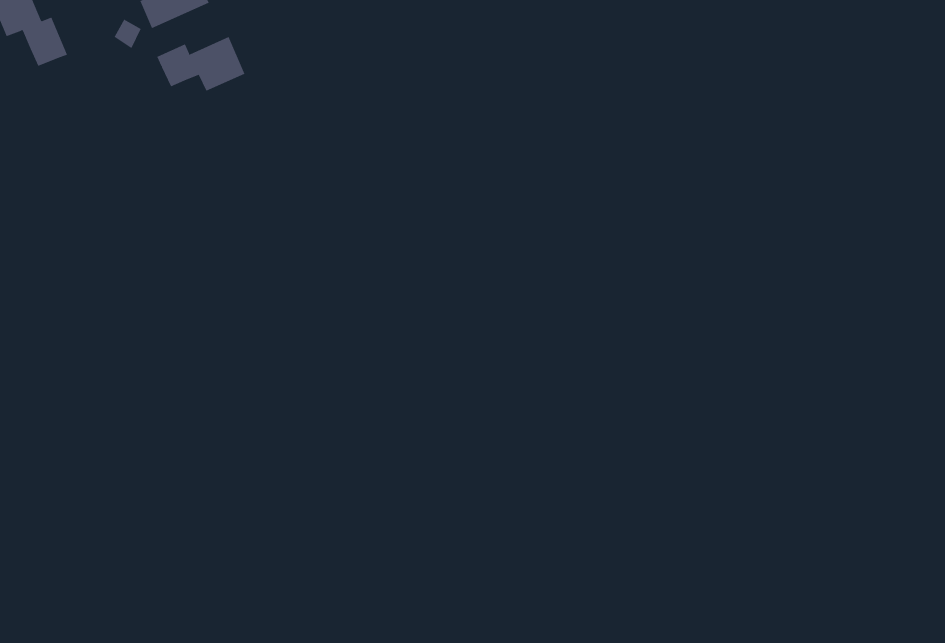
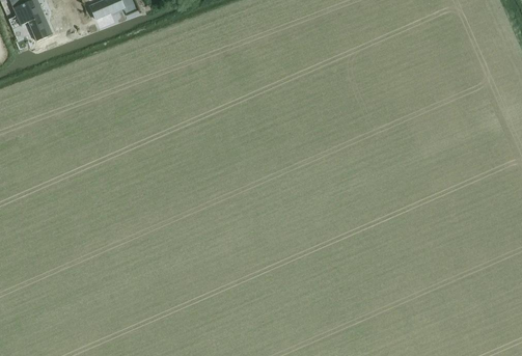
building: [156,36,245,92] -> none

